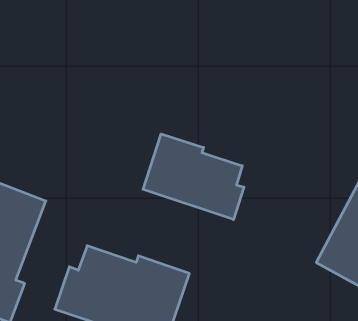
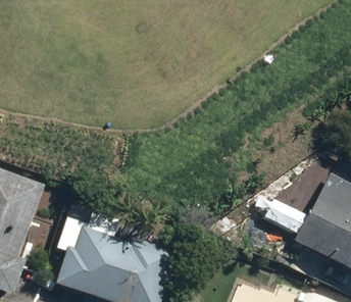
building: [143,134,244,220] -> none

